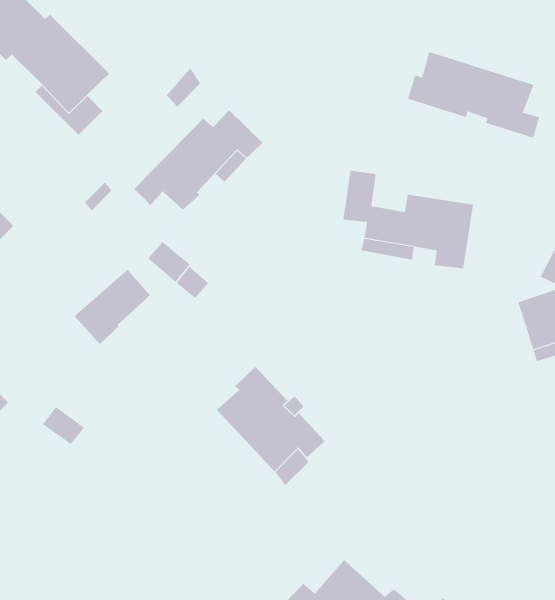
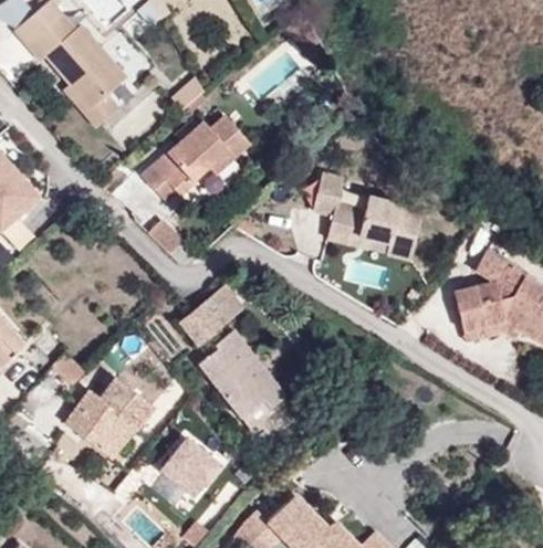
building: [407,51,540,139] -> none
building: [74,269,151,345] -> [178,285,243,347]
building: none -> [63,375,155,460]
building: none -> [163,435,229,502]

